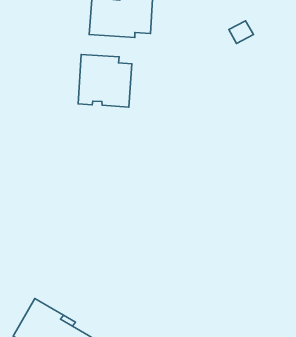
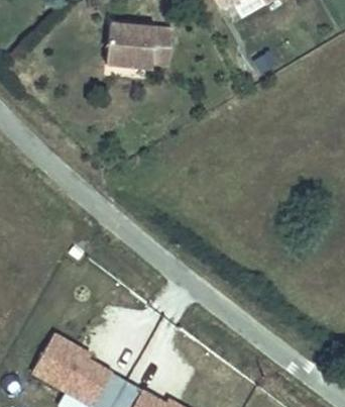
building: [78,54,132,107] -> none

